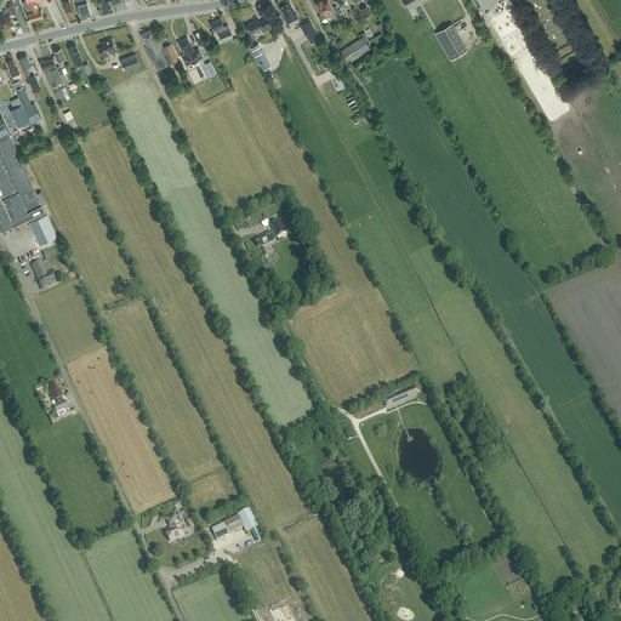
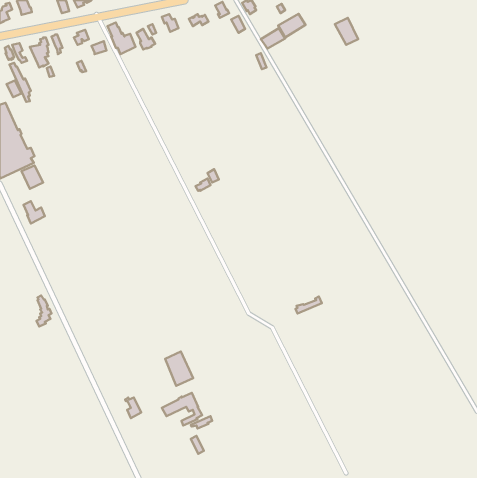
building: none -> [278,14,306,37]
building: none -> [165,351,193,386]

